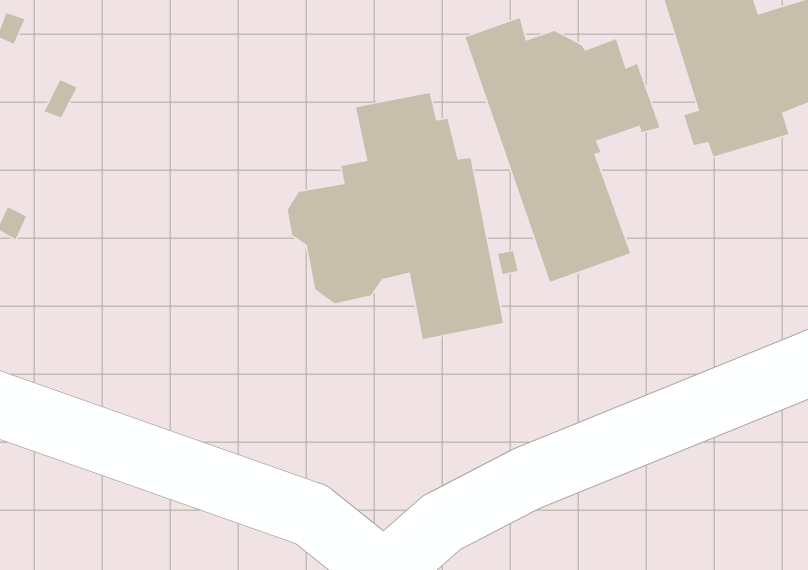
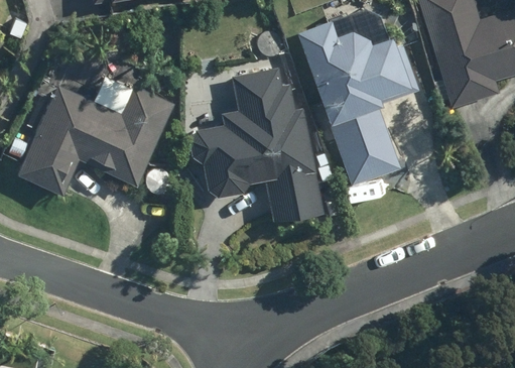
building: none -> [17,76,173,196]

